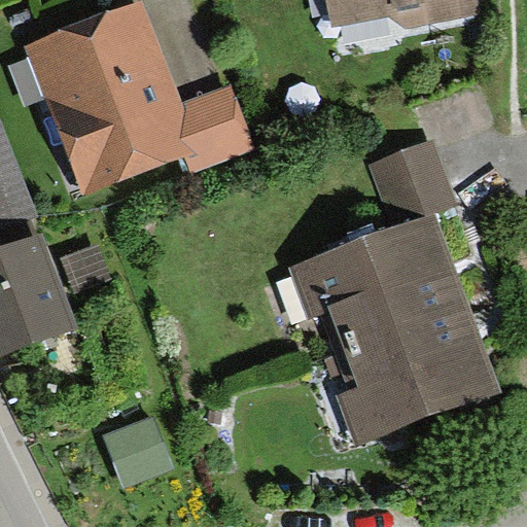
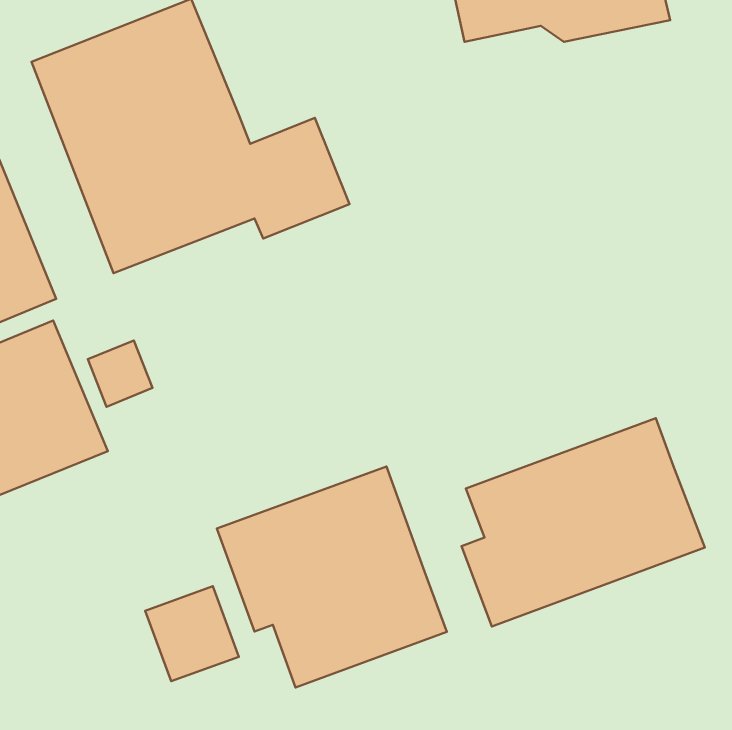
building: [287,135,469,350] -> none
building: none -> [217,466,447,687]

